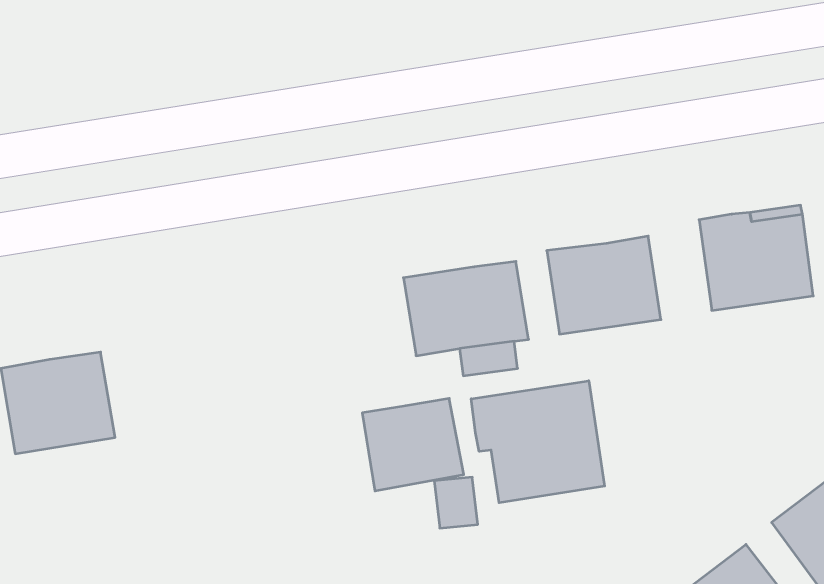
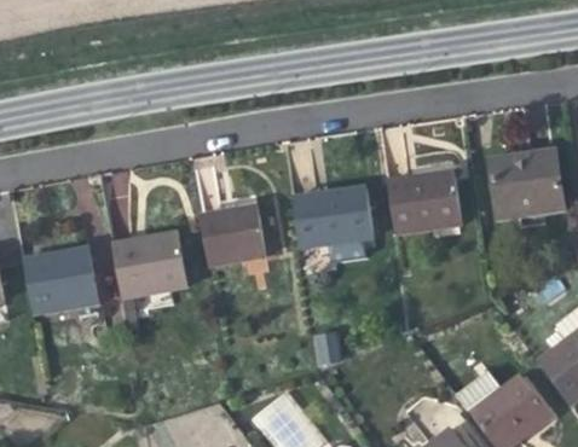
building: none -> [112,231,189,298]
building: [471,381,605,503] -> none
building: [362,398,464,491] -> [200,205,267,267]

